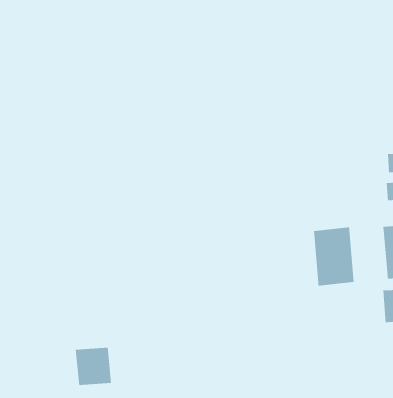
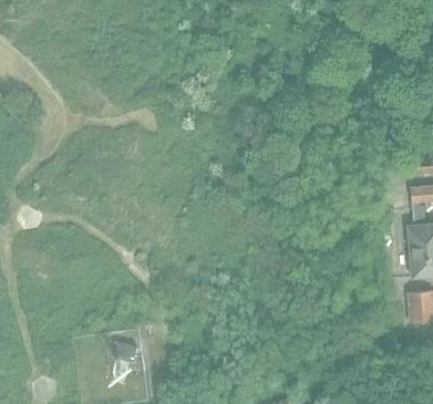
building: [314,227,354,286] -> none

